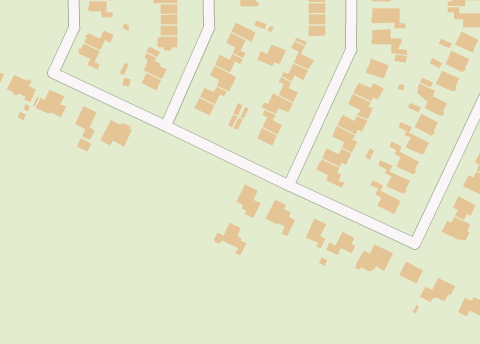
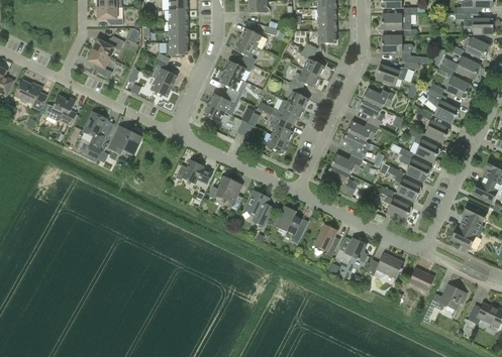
building: [256,44,287,67] -> none
building: none -> [176,159,212,183]
building: [213,222,247,256] -> [209,175,243,210]

